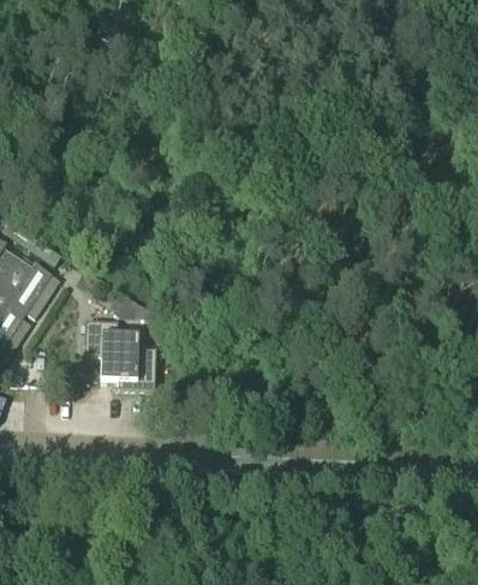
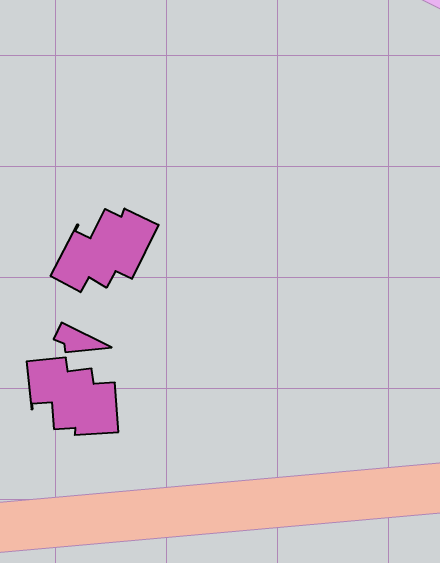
building: none -> [51,208,159,292]

